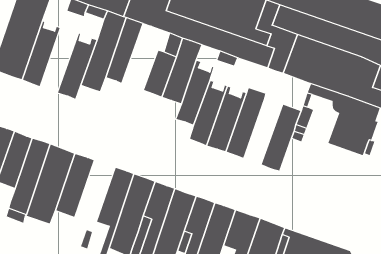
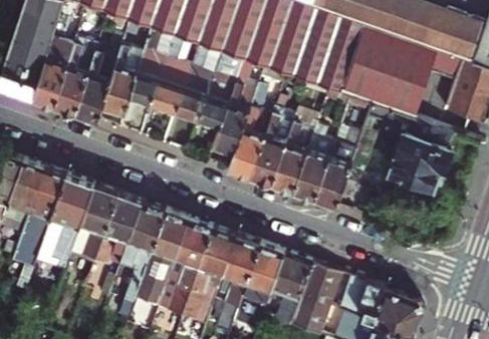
building: none -> [149,33,191,111]
building: none -> [52,38,97,114]
building: none -> [292,122,337,199]
building: none -> [93,194,141,266]

